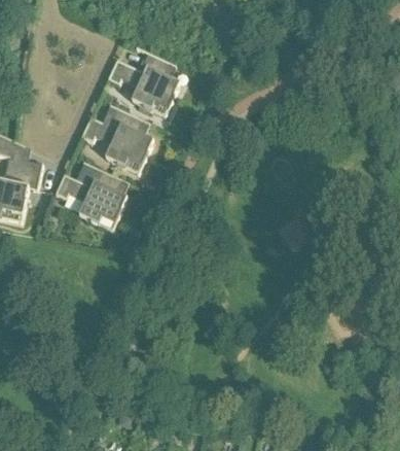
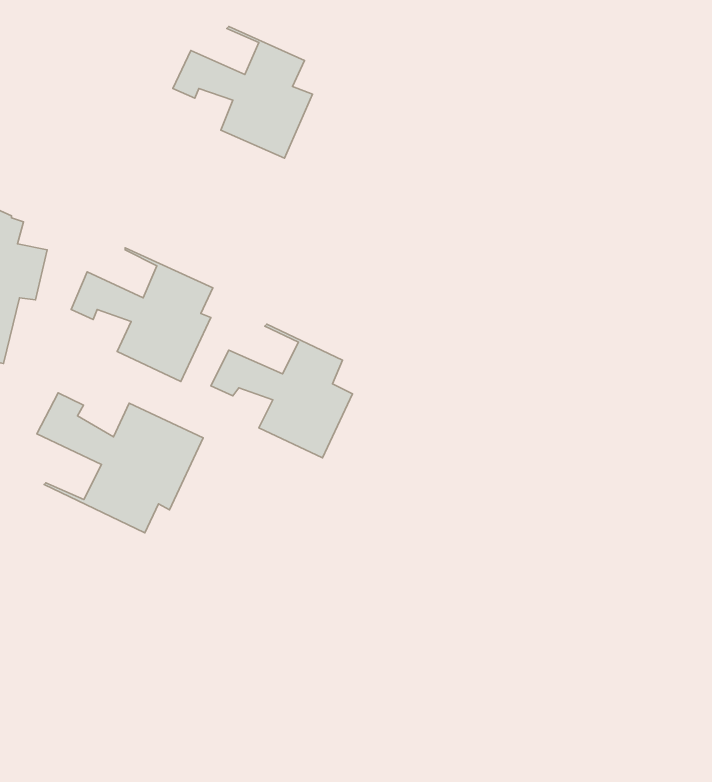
building: [80,104,153,173] -> [211,324,352,458]
building: none -> [37,393,203,533]

